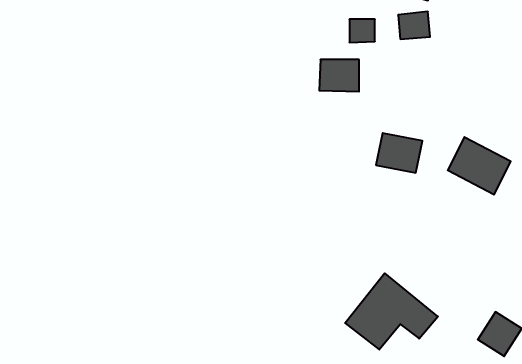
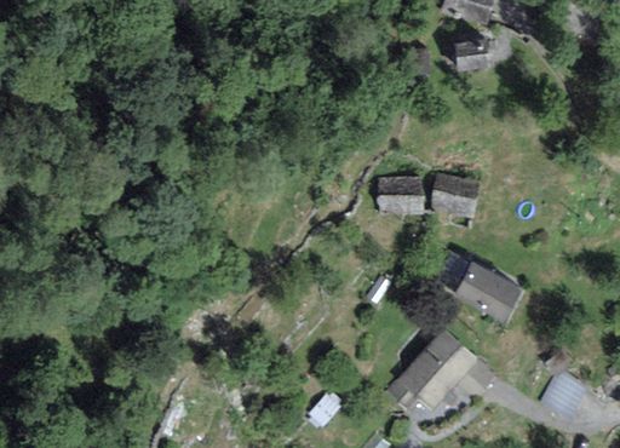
building: [319,60,359,92] -> [379,178,423,213]
building: [448,137,511,195] -> [453,260,522,323]

